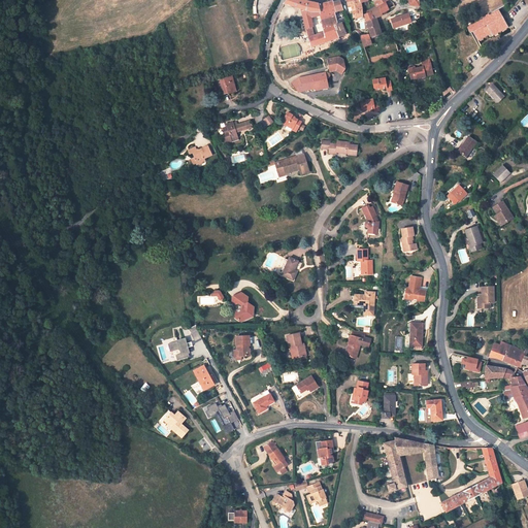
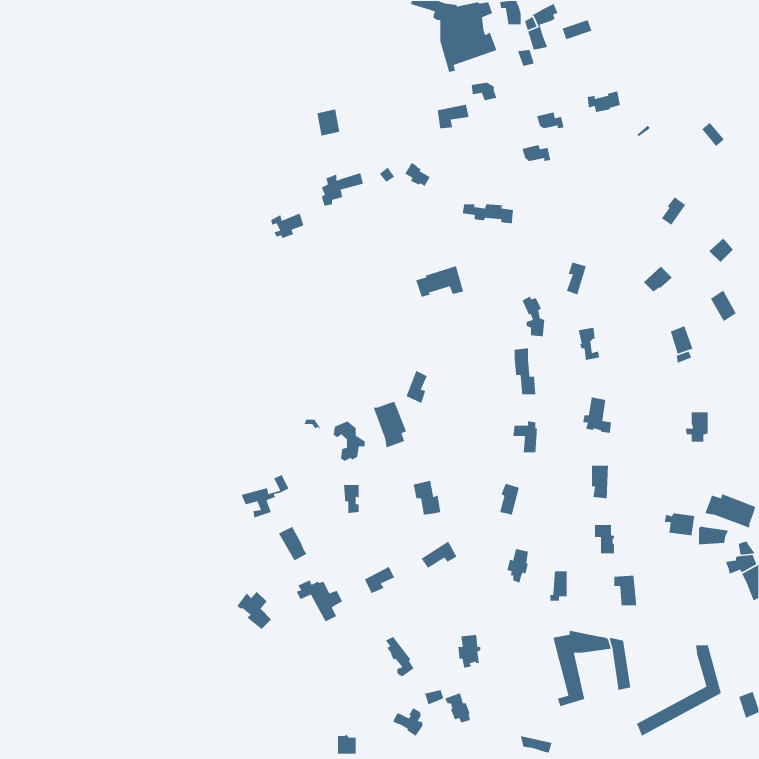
building: [468,11,506,40] -> none
building: [275,154,309,176] -> [415,265,464,298]
building: none -> [373,401,407,449]

